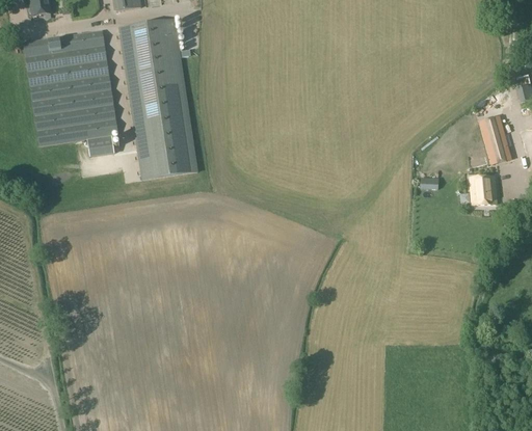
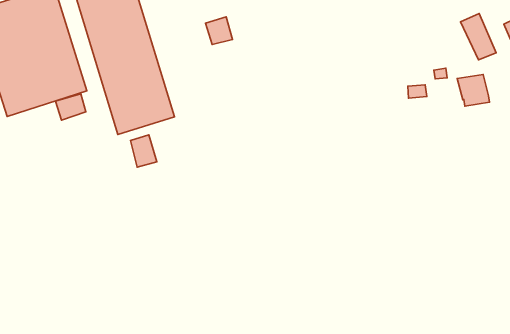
building: none -> [205,17,232,44]
building: none -> [130,135,157,167]

